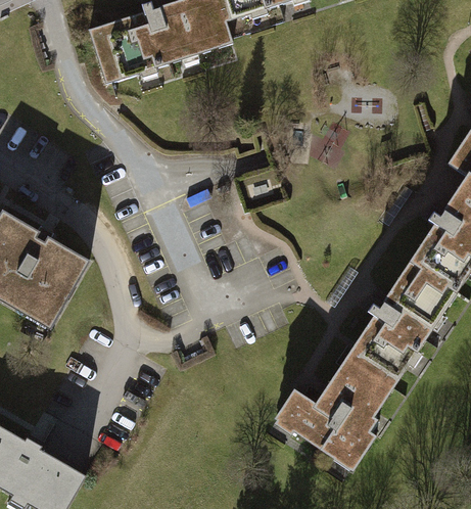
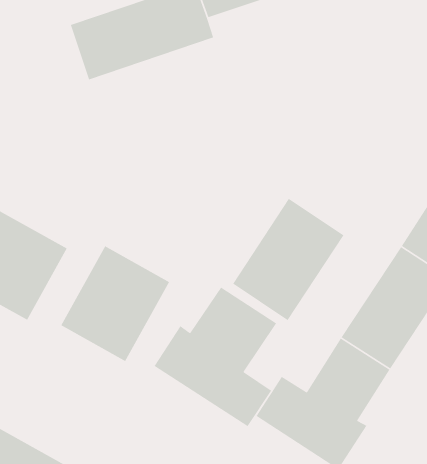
building: none -> [232,198,344,321]
building: none -> [60,245,170,362]
building: none -> [153,286,277,427]

